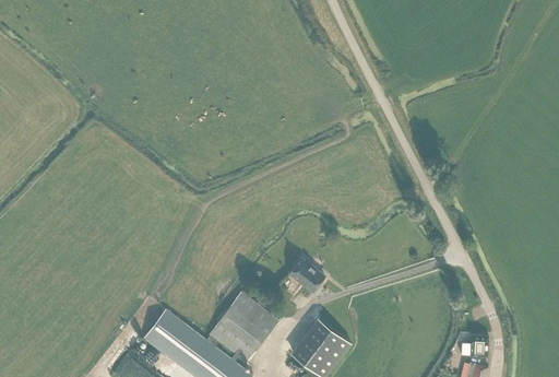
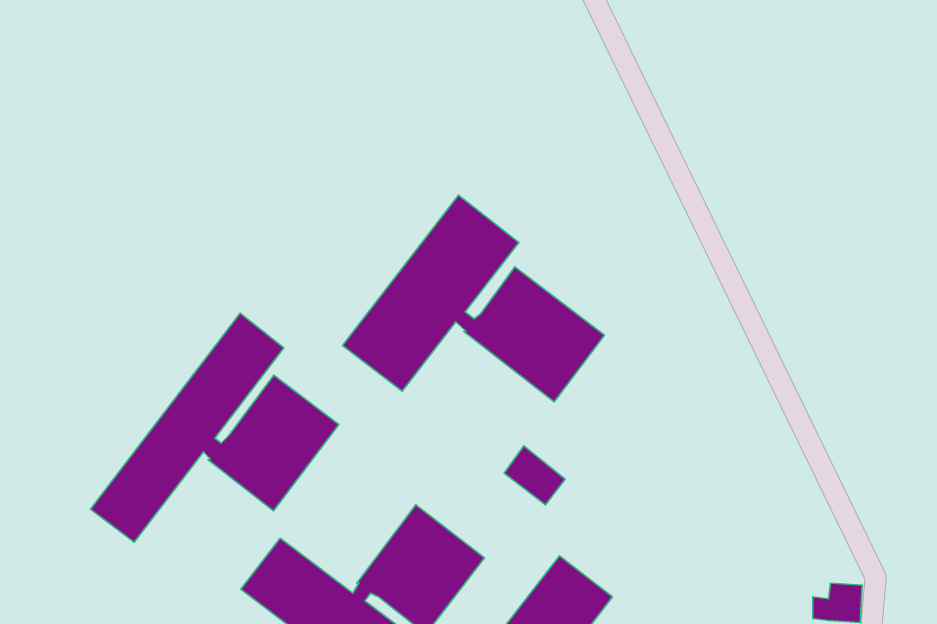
building: none -> [342,195,605,402]
building: none -> [91,313,339,542]

